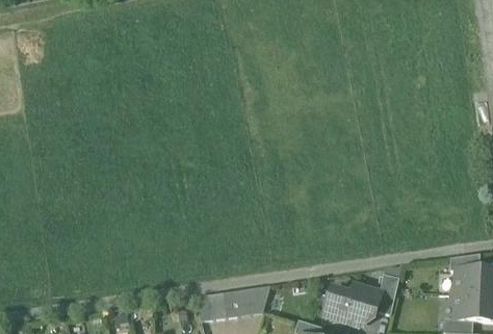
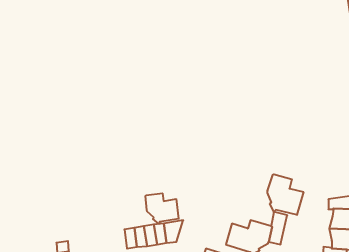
building: none -> [267,174,303,215]
building: none -> [146,193,179,224]

